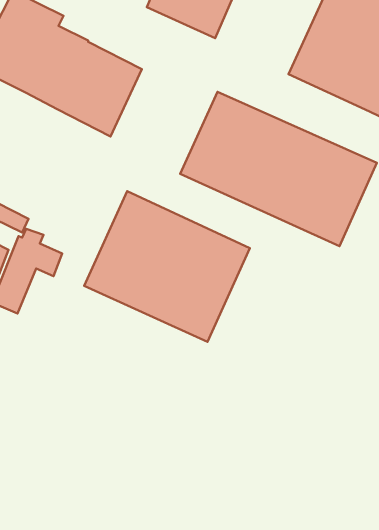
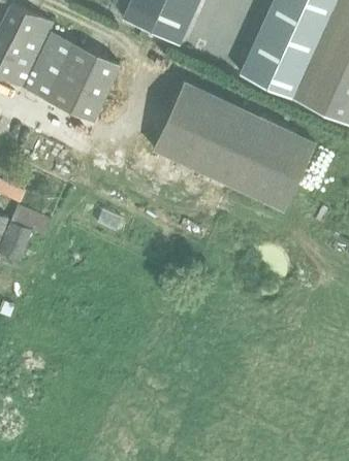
building: [84,191,250,342] -> none

